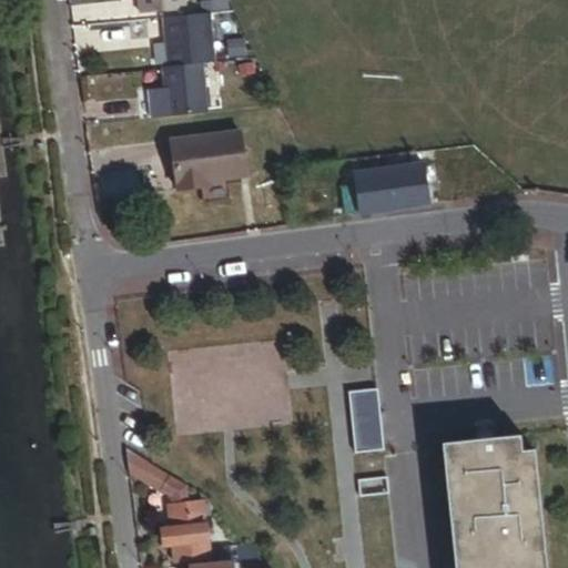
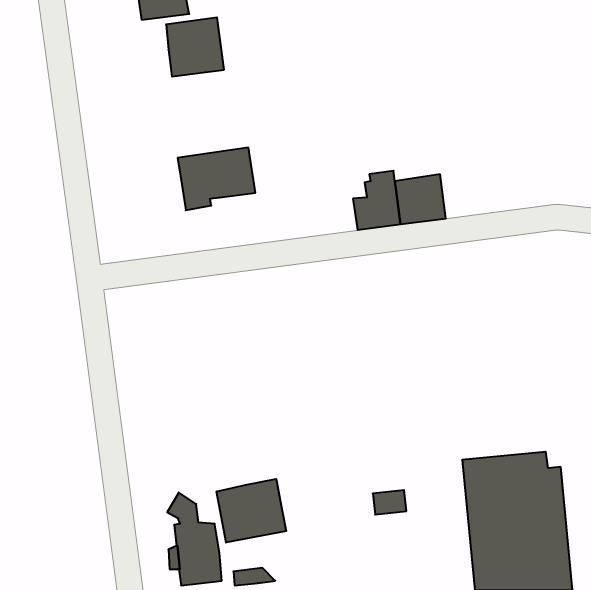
building: [159,69,203,124] -> none
building: [347,384,383,448] -> none
building: none -> [217,479,286,543]

